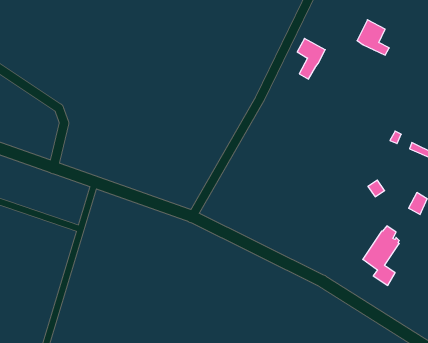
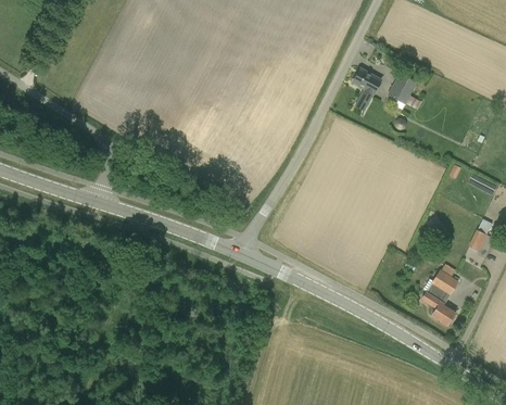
building: [357,20,389,55] -> [388,72,421,109]

